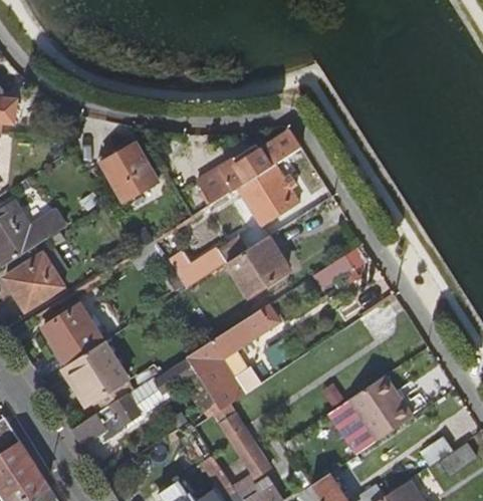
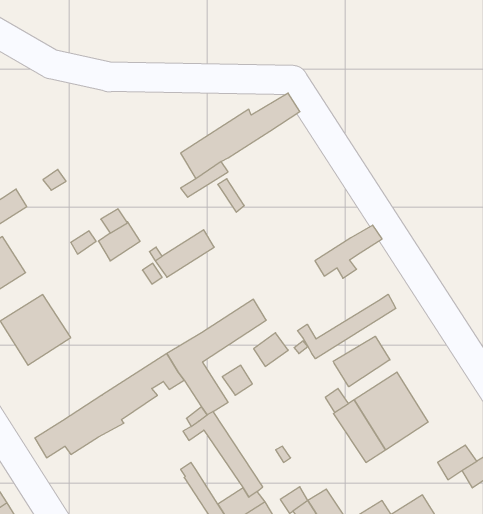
building: [99,143,158,202] -> none
building: [239,163,301,225] -> none
building: [227,236,287,297] -> none
building: none -> [298,294,396,359]
building: none -> [333,336,390,387]
building: [65,341,130,414] -> none

